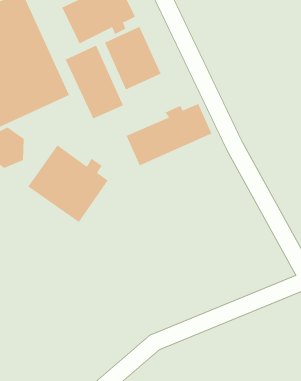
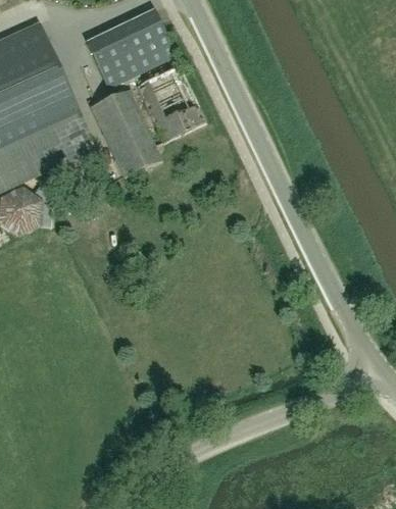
building: [126,103,212,166] -> none
building: [27,144,109,223] -> none

